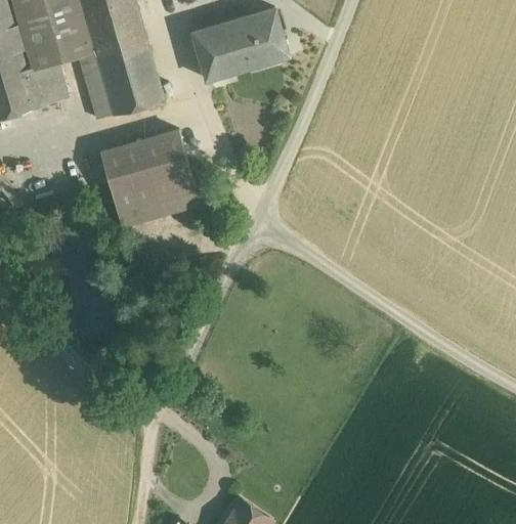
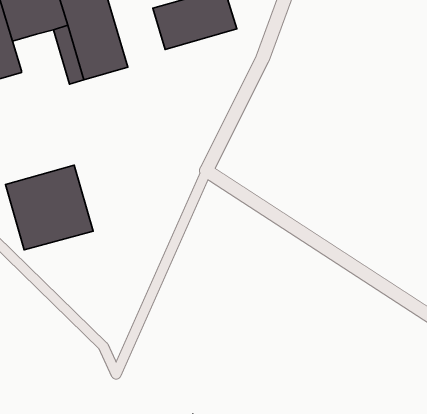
building: [32,61,69,103] -> none
building: [100,129,201,226] -> [5,165,93,250]

